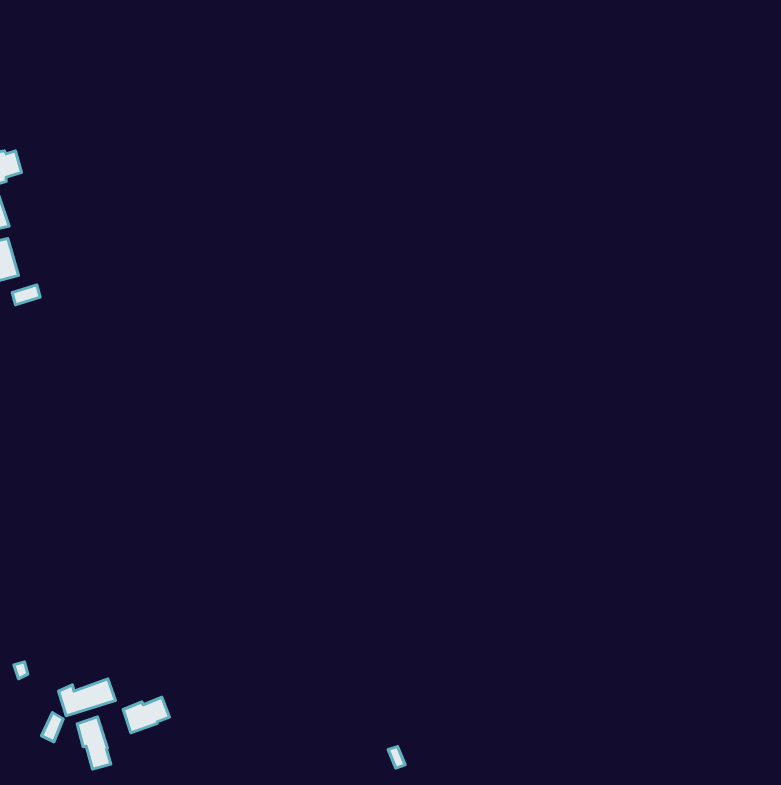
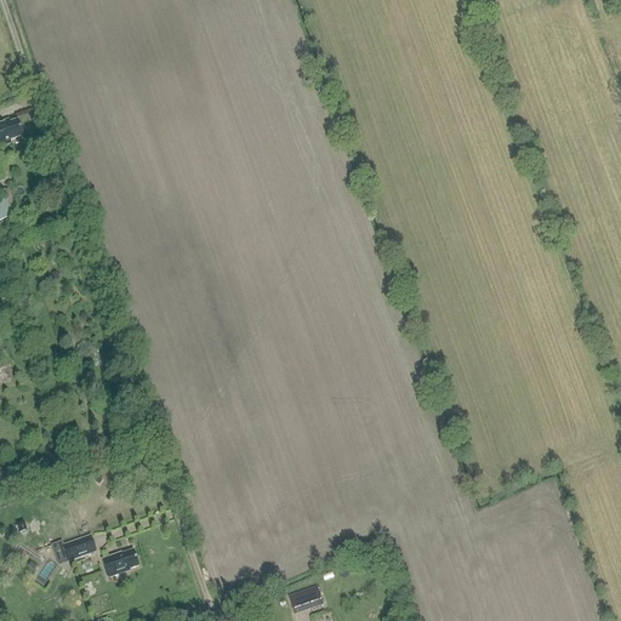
building: [77,717,111,769] -> none

